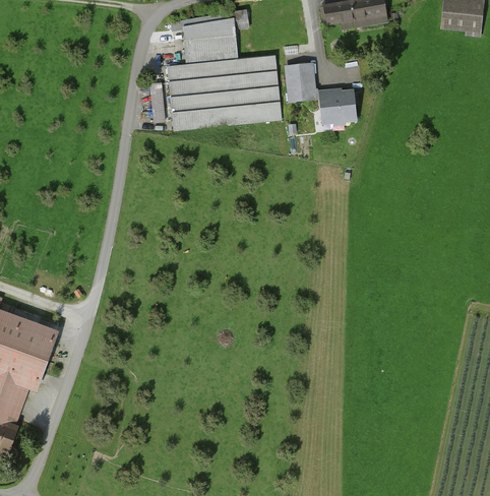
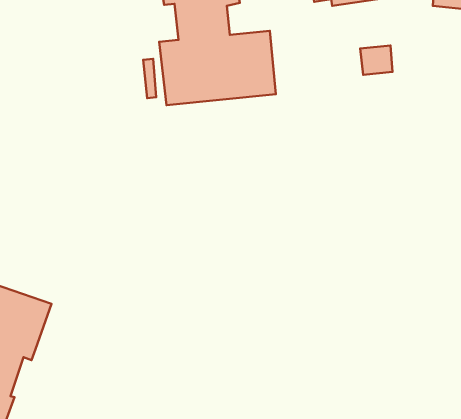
building: [285,64,311,101] -> none
building: [320,92,353,122] -> [360,46,392,75]

